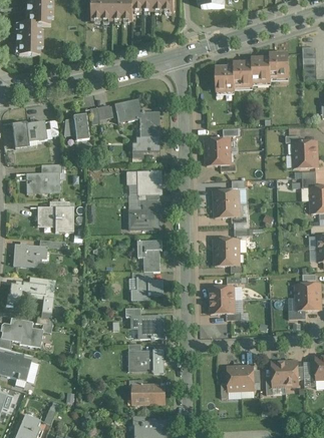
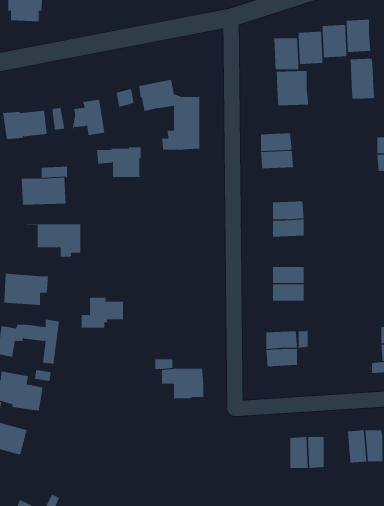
building: none -> [350,58,374,100]
building: none -> [276,70,309,106]
building: [126,170,160,193] -> [96,147,142,177]
building: [128,204,159,230] -> none
building: [136,241,161,266] -> none
building: [130,277,163,300] -> [81,297,124,328]
building: [130,350,163,373] -> none
building: [131,384,164,404] -> none

